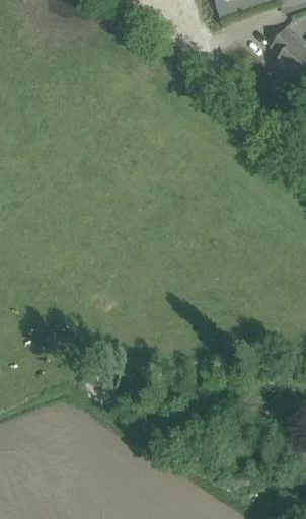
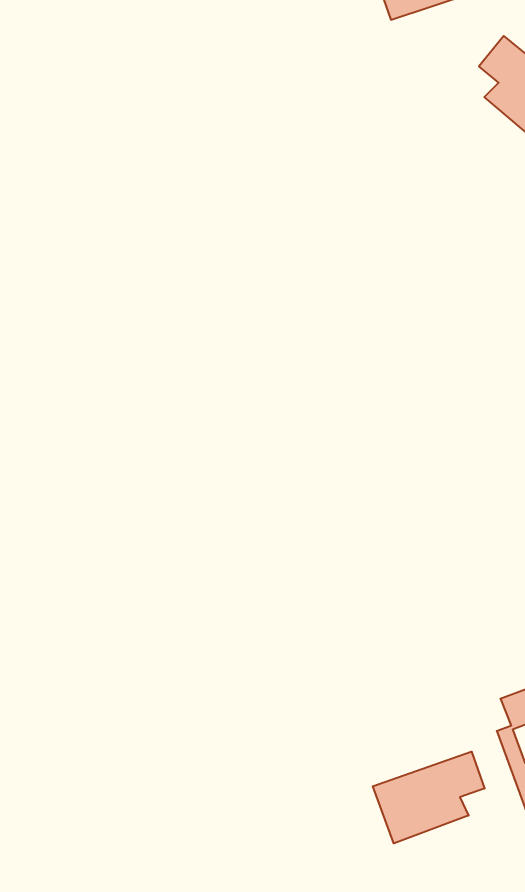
building: none -> [373,752,485,843]

